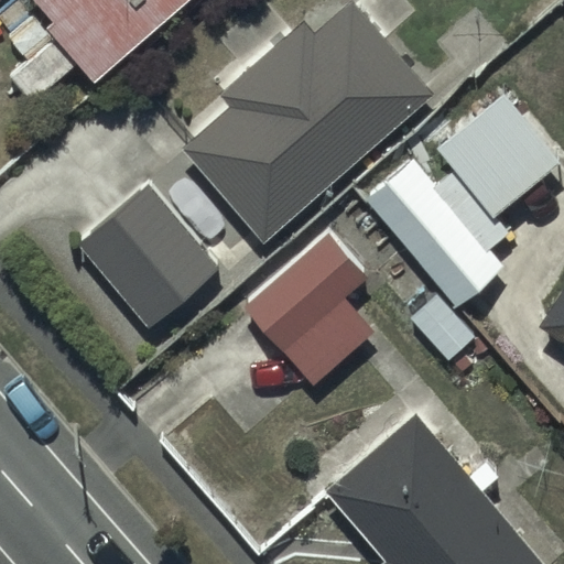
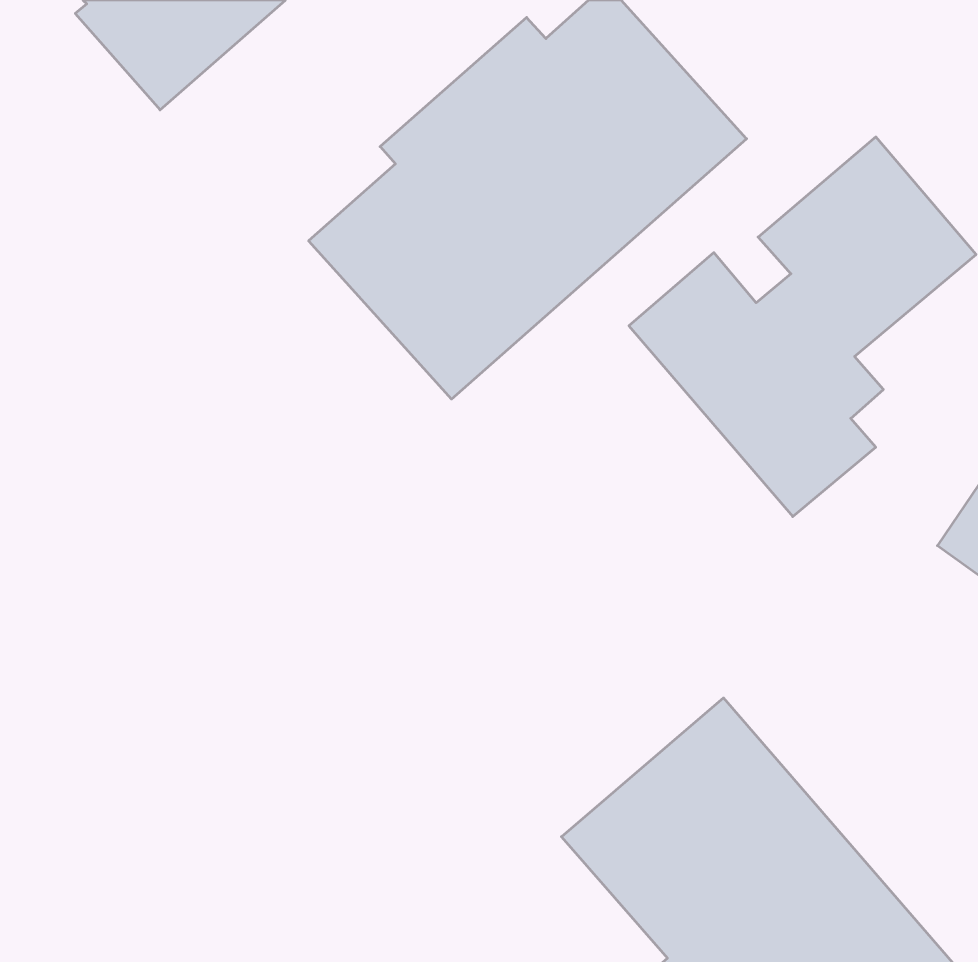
building: [77,185,219,332] -> none
building: [241,230,375,387] -> none

